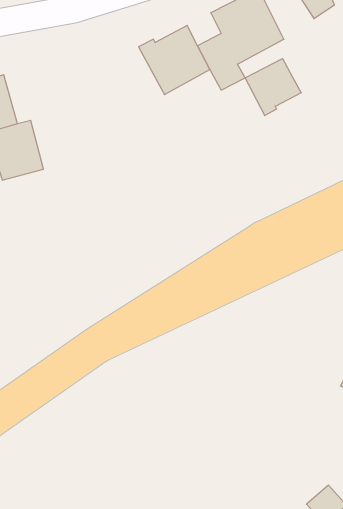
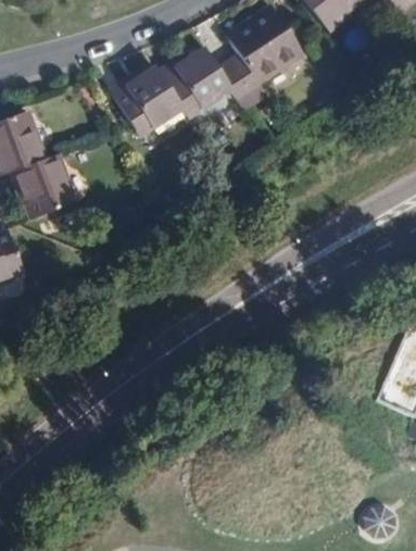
building: none -> [111,67,181,138]
building: [245,59,301,116] -> none

